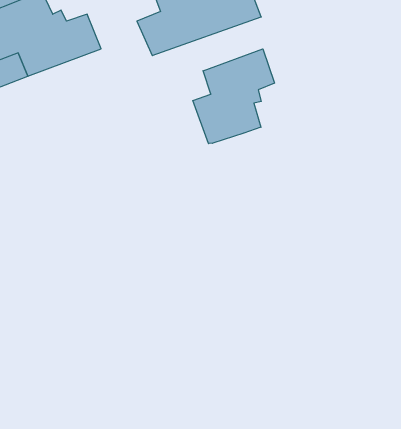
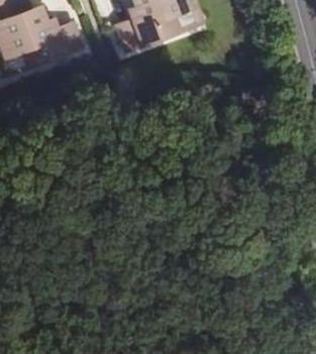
building: [193,49,275,144] -> none

